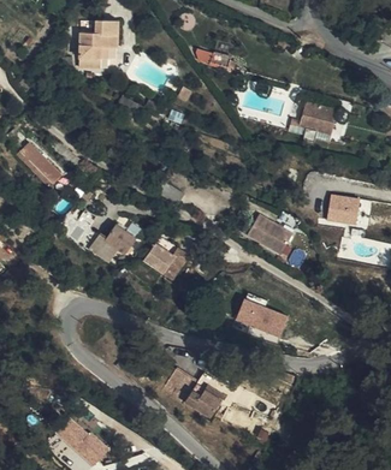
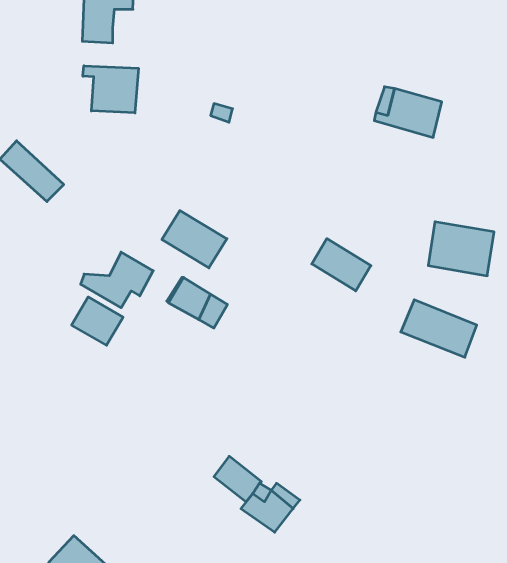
building: none -> [83,66,138,113]
building: none -> [162,211,227,268]
building: none -> [72,297,123,345]
building: [237,302,291,343] -> [401,300,477,357]

